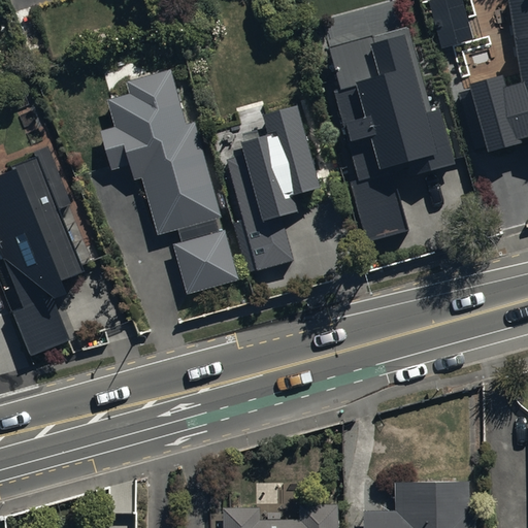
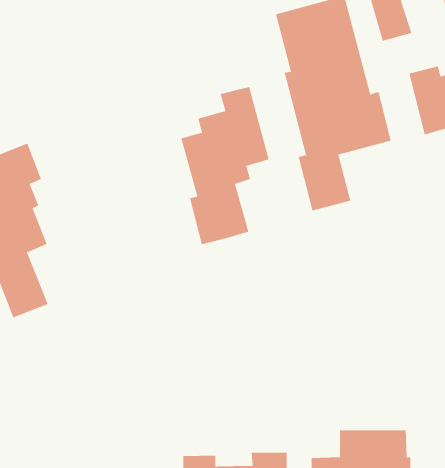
building: [101,69,239,293] -> none

